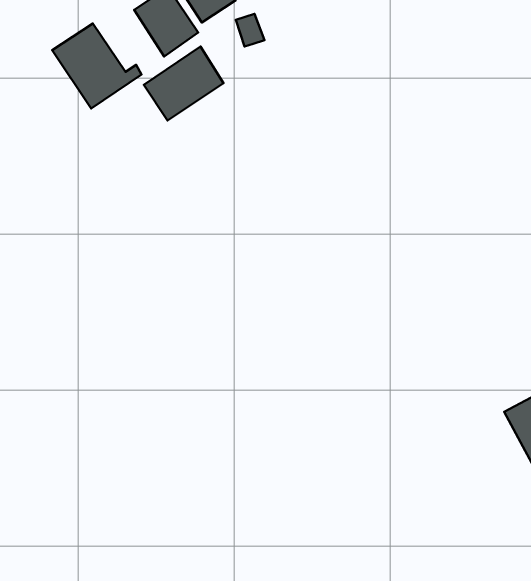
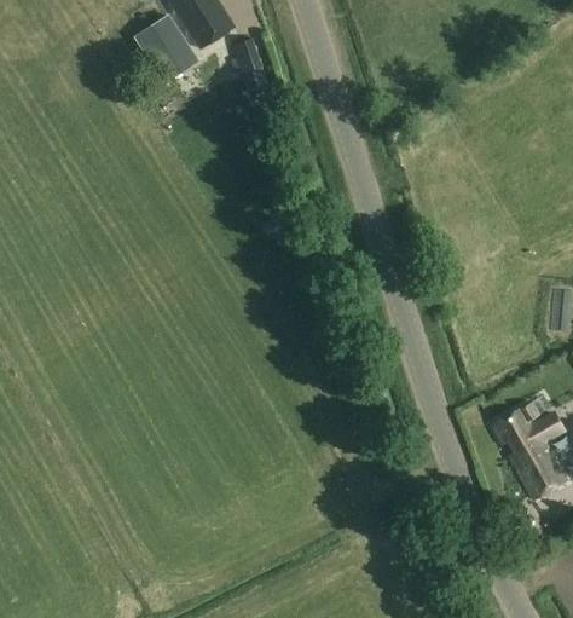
building: [52,23,141,109] -> none
building: [144,46,223,121] -> none

